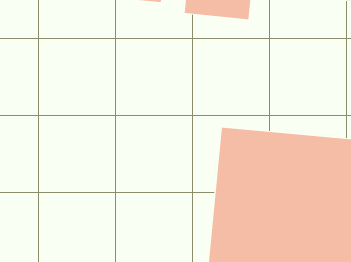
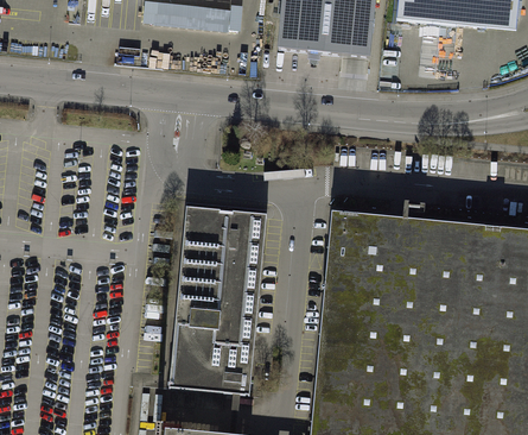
building: none -> [167,212,265,397]

